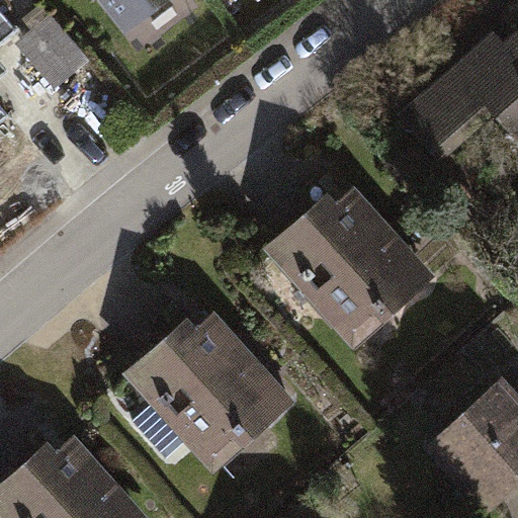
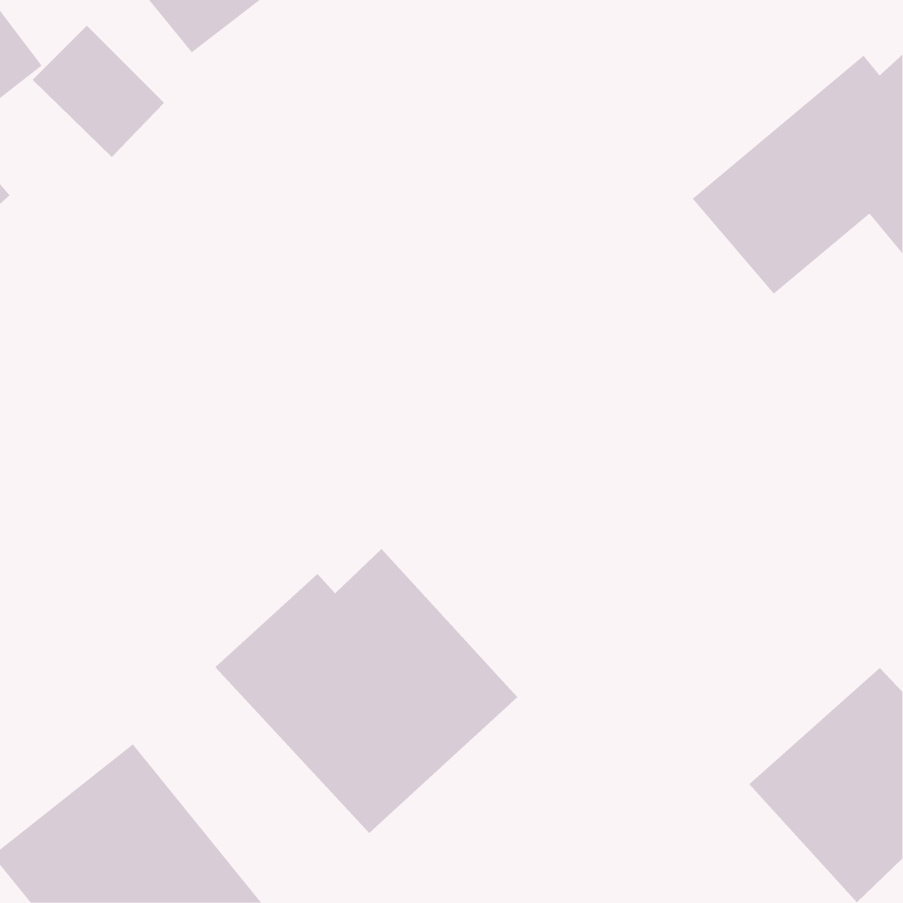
building: [261,190,436,353] -> none

